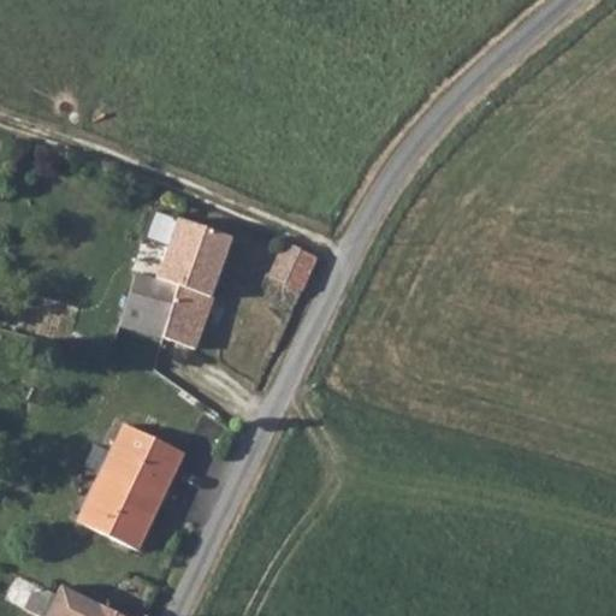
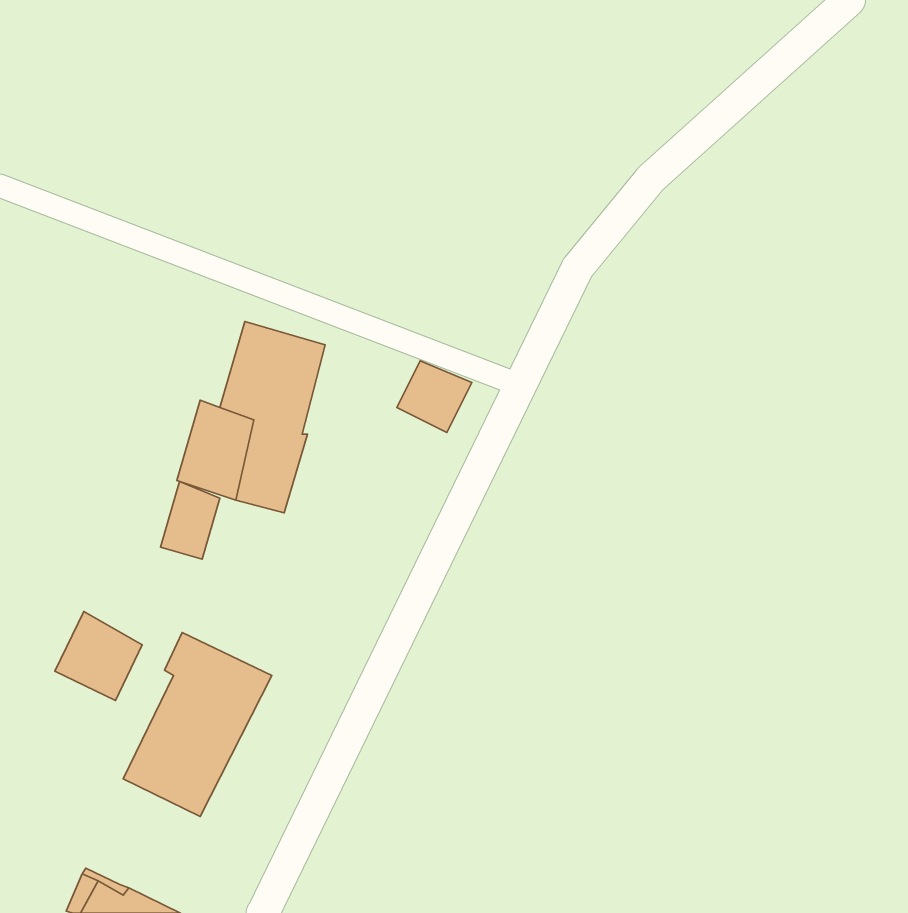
building: none -> [161,482,220,559]
building: none -> [55,611,142,700]

